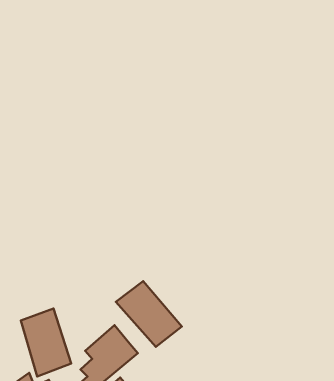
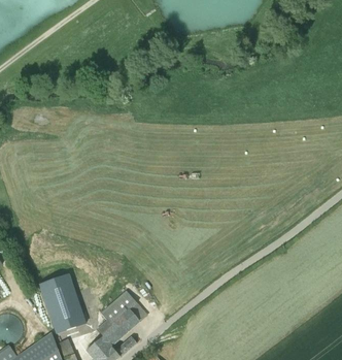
building: [116,281,182,347] -> none

